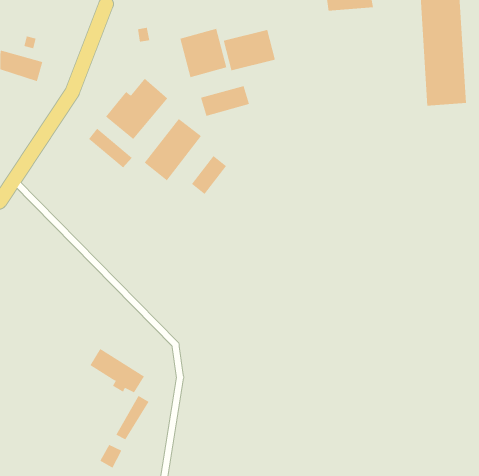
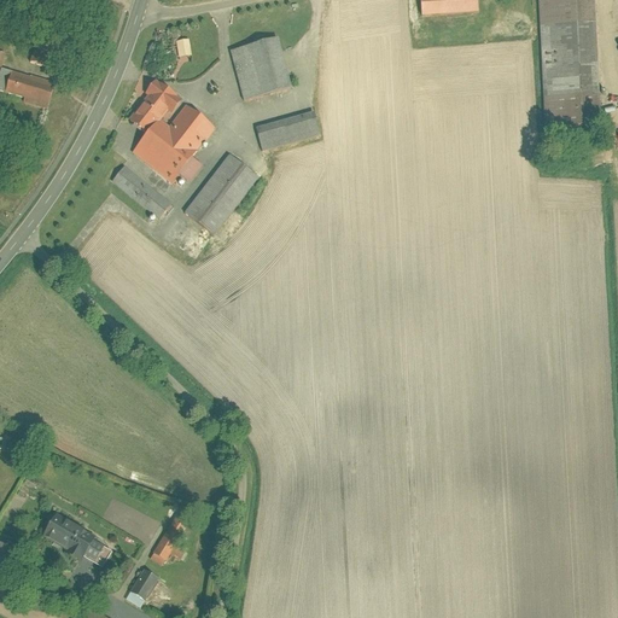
building: [223,29,276,71] -> none
building: none -> [129,77,180,132]
building: [191,155,227,195] -> none
building: [90,348,145,393] -> [35,509,106,567]

